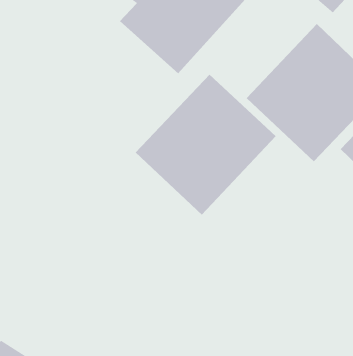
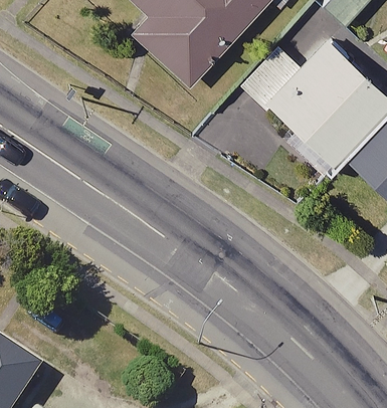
building: [135,74,276,216] -> none

